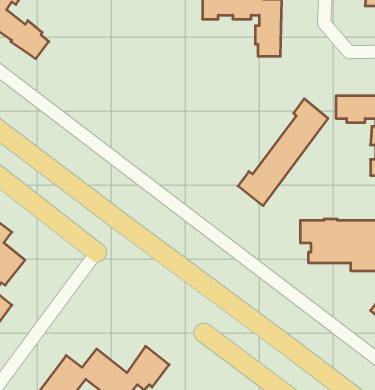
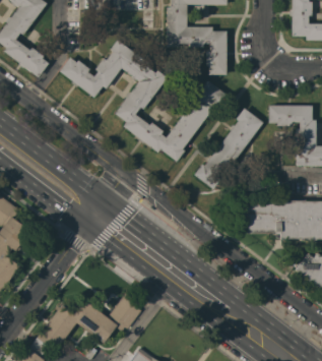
building: none -> [60,39,227,161]

